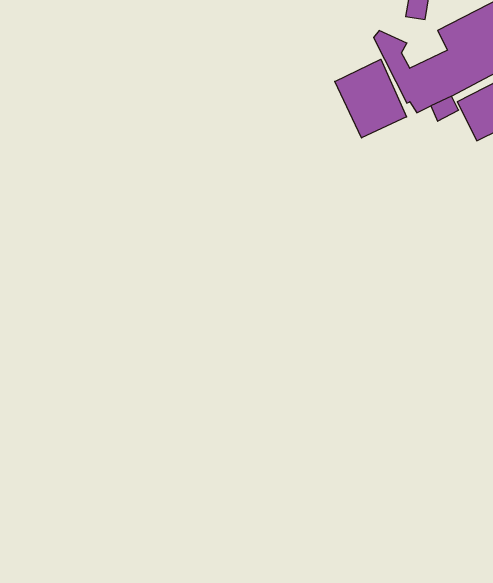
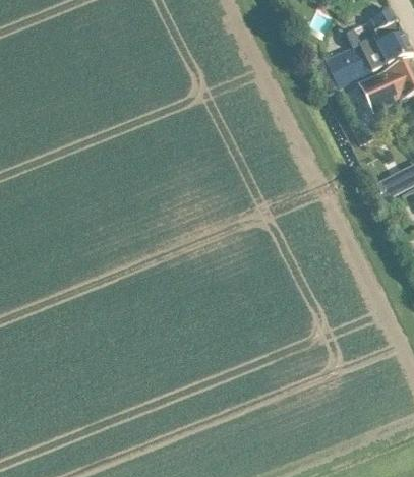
building: [335,59,407,138] -> none

